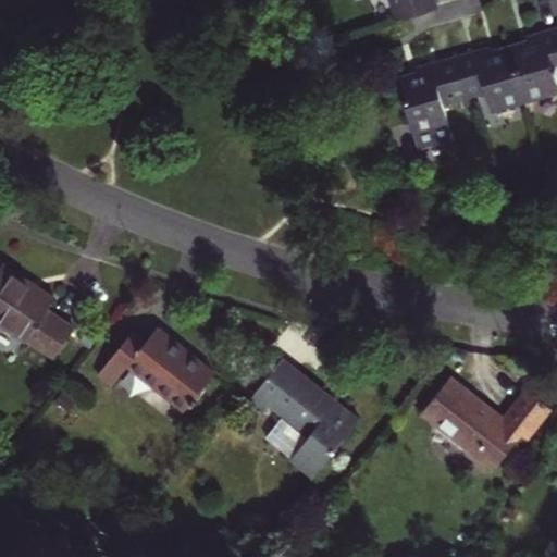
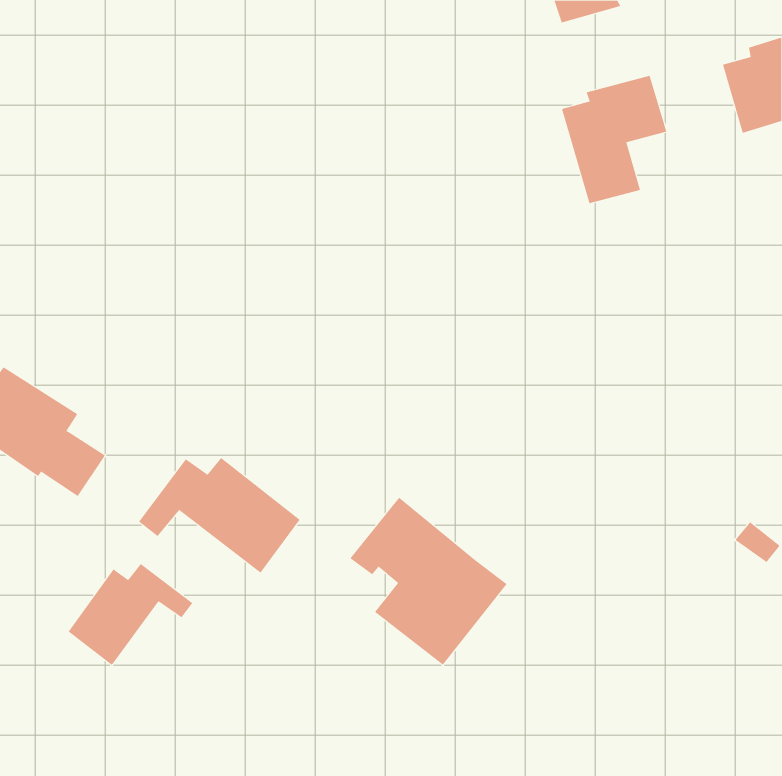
building: [461,50,527,110] -> none
building: [422,380,543,470] -> none
building: none -> [68,563,193,666]

